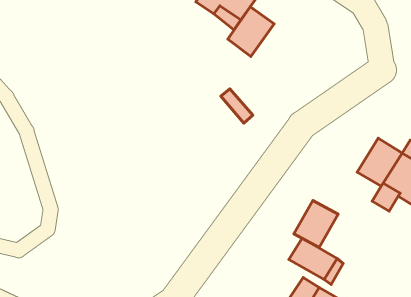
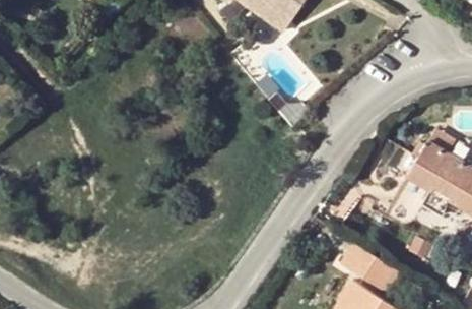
building: [228,7,274,56] -> none
building: [294,201,338,247] -> none

